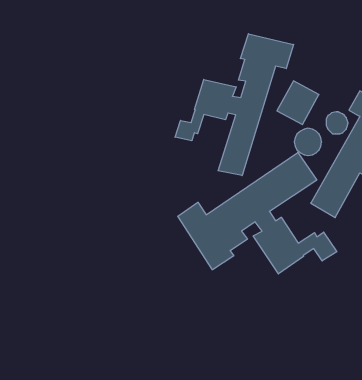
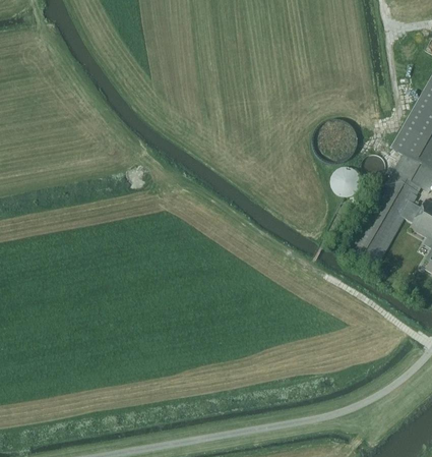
building: [175,34,294,176] -> none
building: [178,152,337,274] -> none

